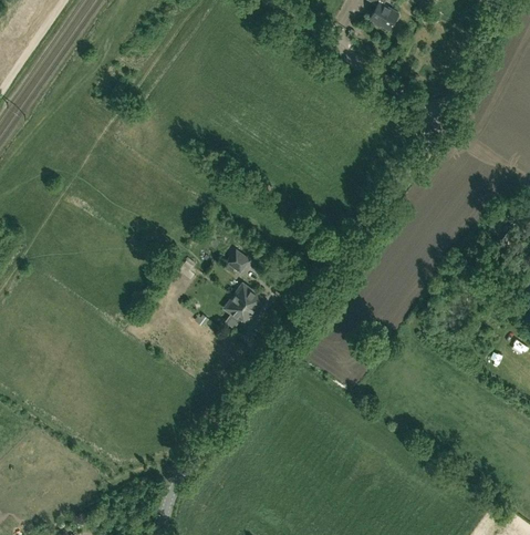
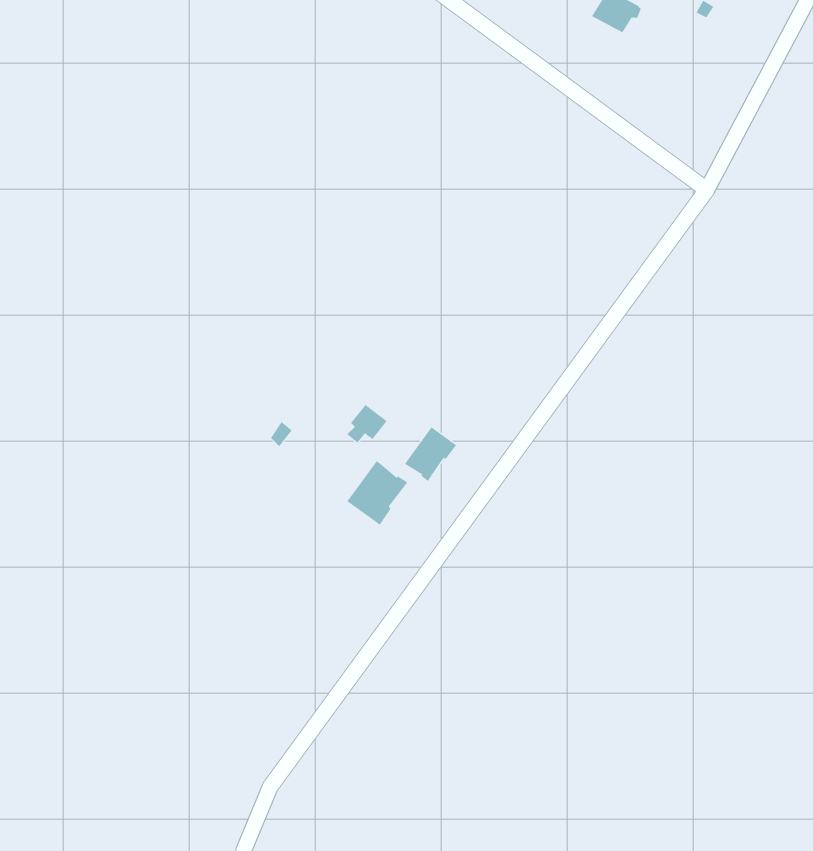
building: none -> [404,426,457,482]

